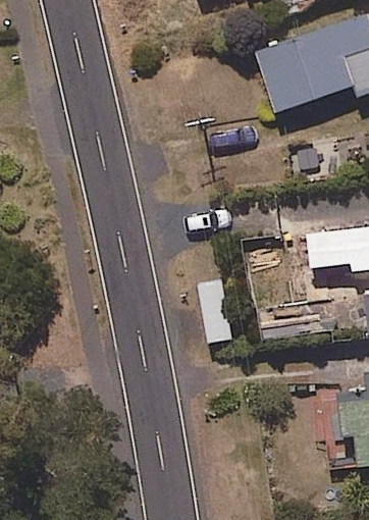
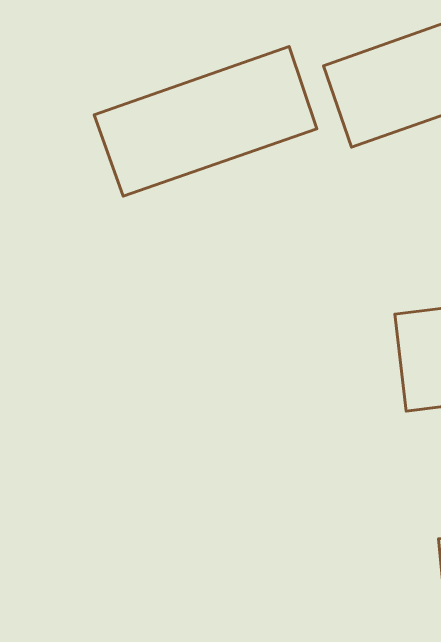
building: none -> [94,46,317,196]

